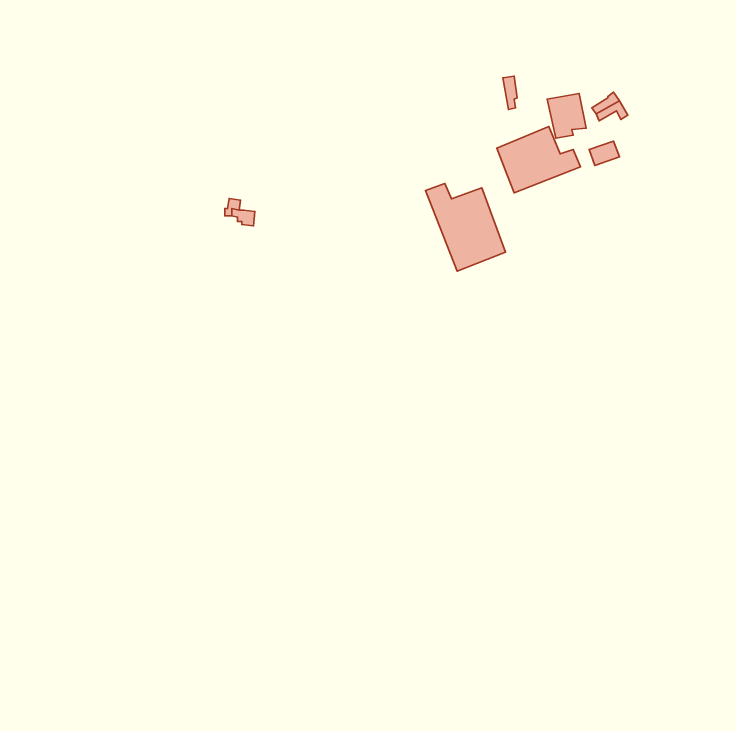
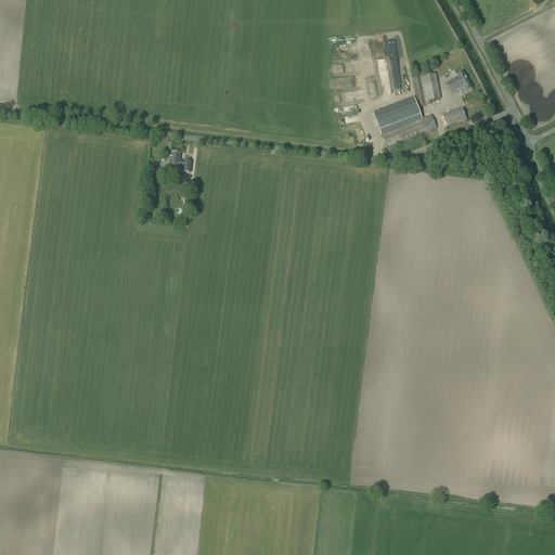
building: [426,183,506,271] -> none

